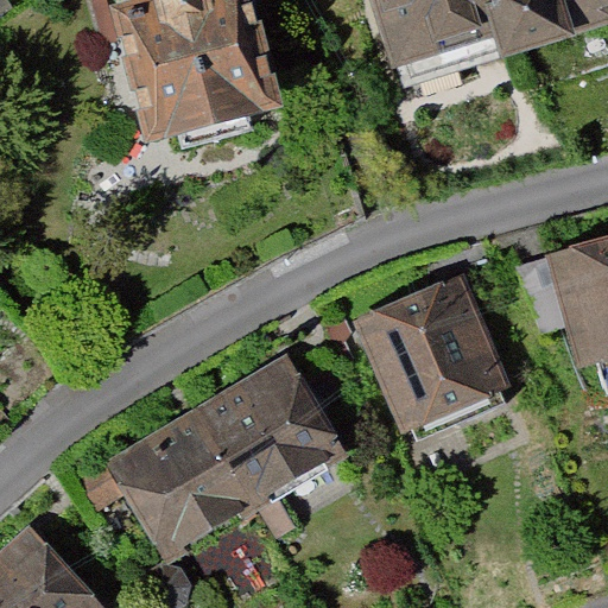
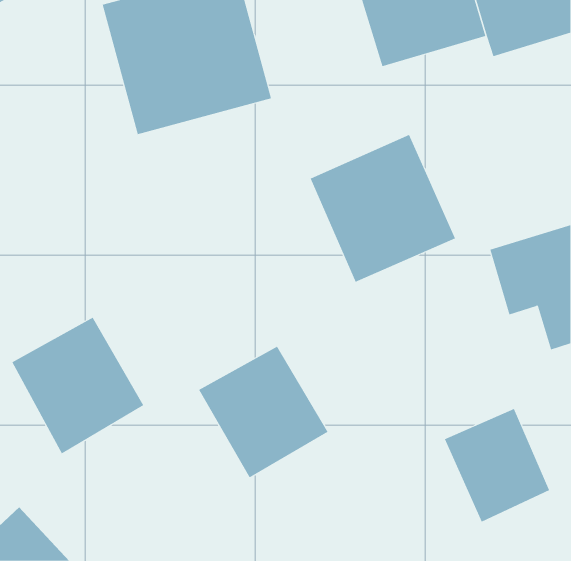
building: [355,274,508,430] -> [310,134,456,283]
building: [122,408,261,552] -> [12,317,144,454]
building: none -> [444,408,550,523]

